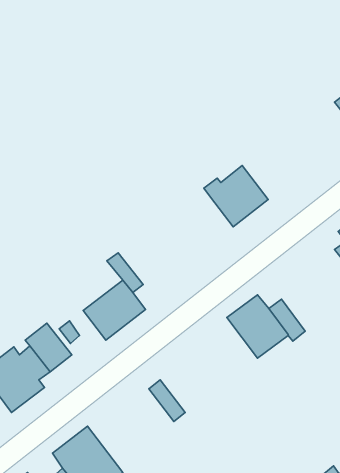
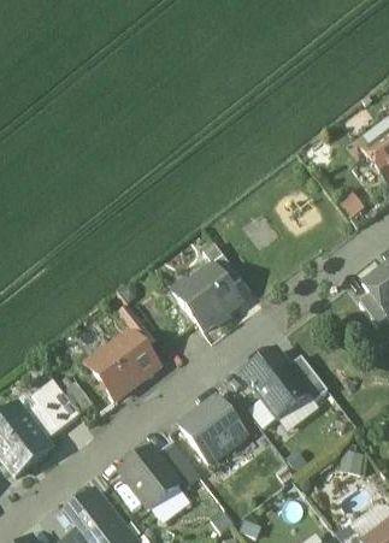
building: [204,166,268,227] -> [171,264,240,329]
building: none -> [179,395,246,462]
building: none -> [119,445,179,507]

